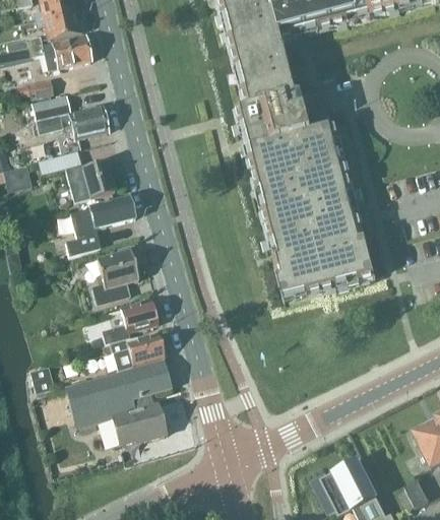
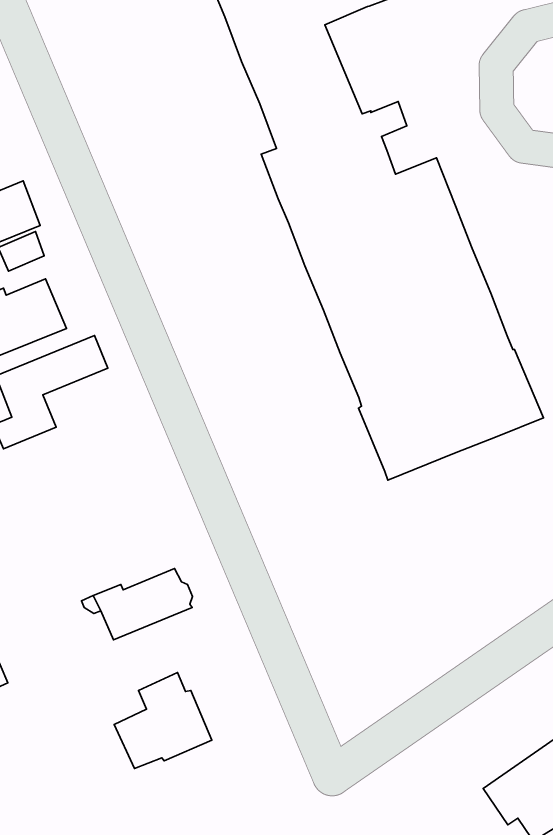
building: [91,248,138,303] -> none
building: [101,299,156,341] -> none
building: [64,359,171,427] -> none

